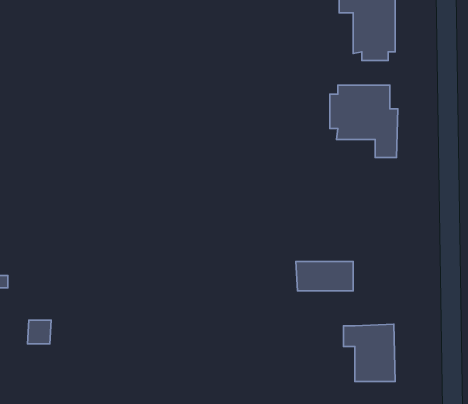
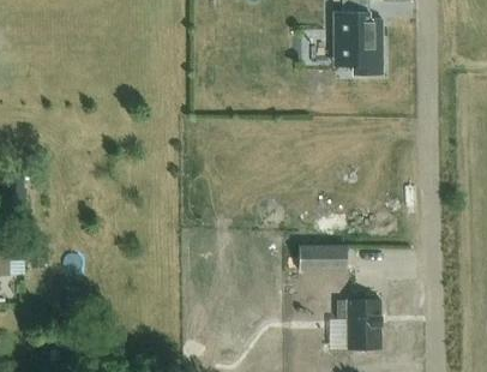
building: [330,85,398,158] -> none

